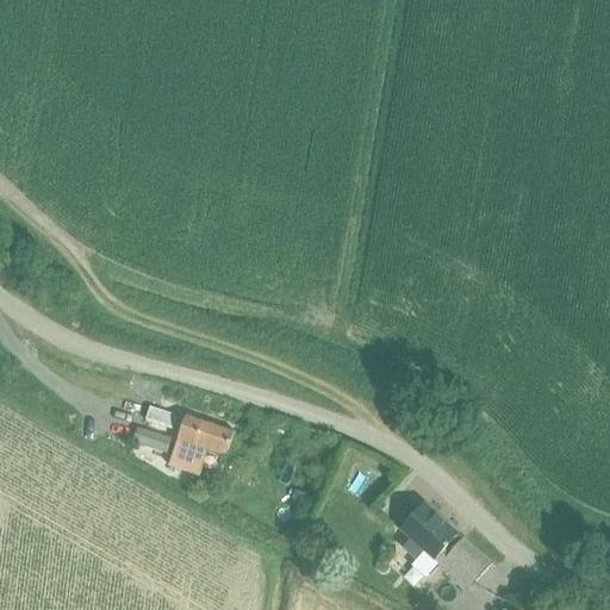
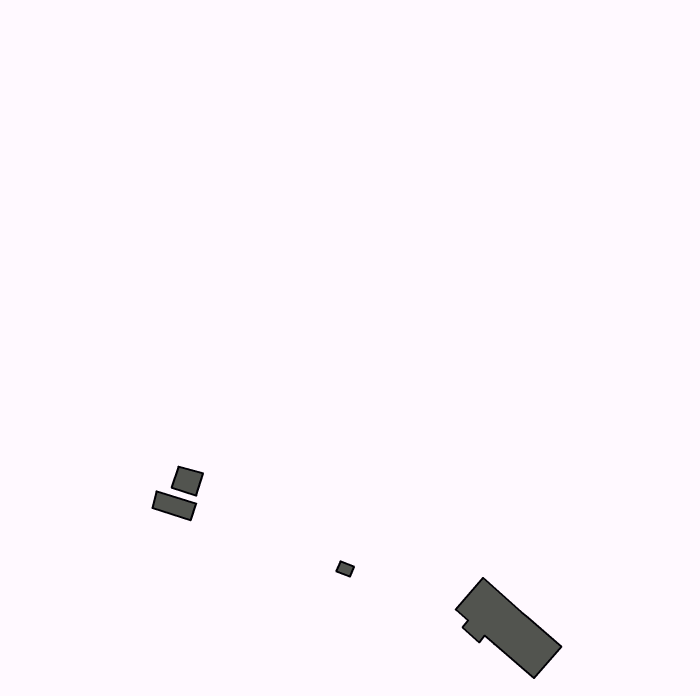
building: [170,412,231,474] -> none

